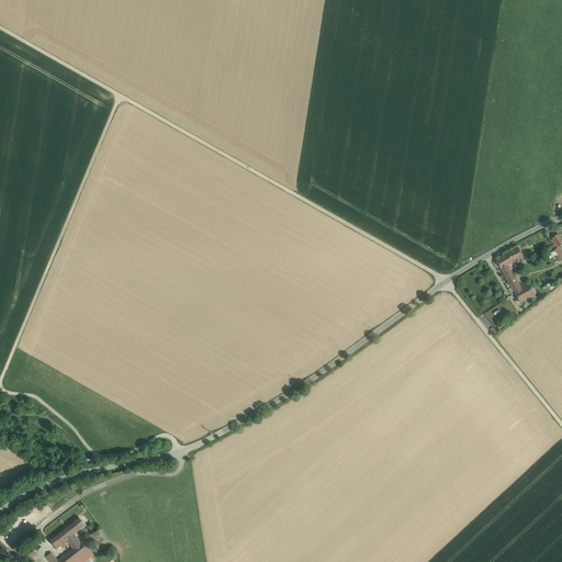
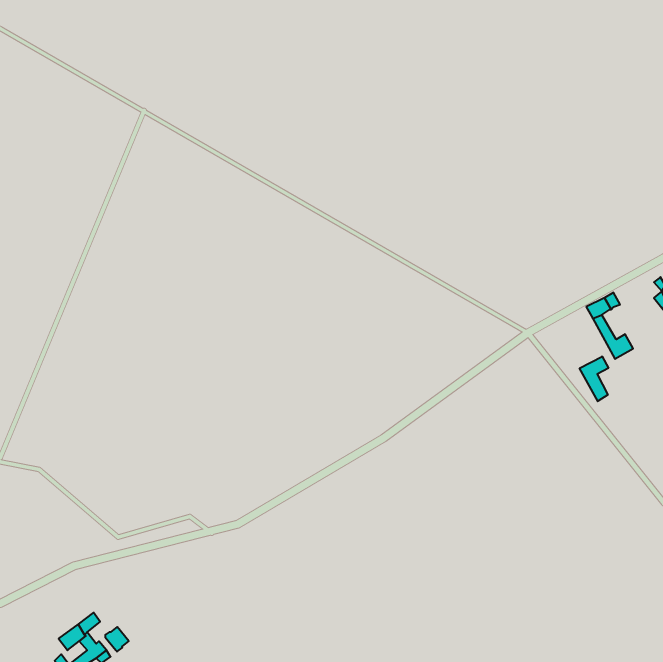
building: none -> [580,356,608,401]

